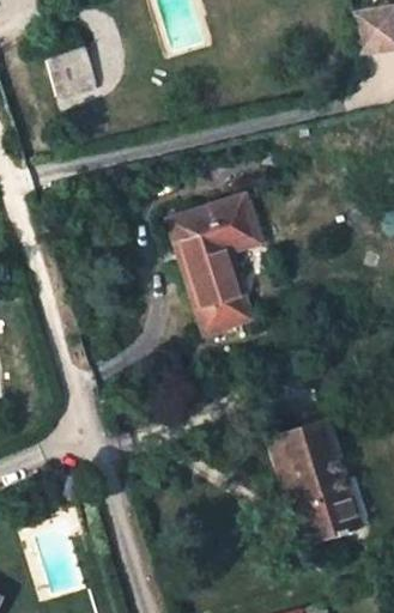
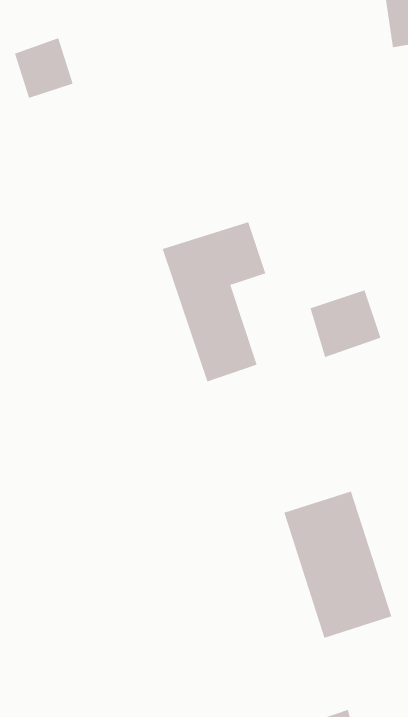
building: none -> [310,289,381,358]

